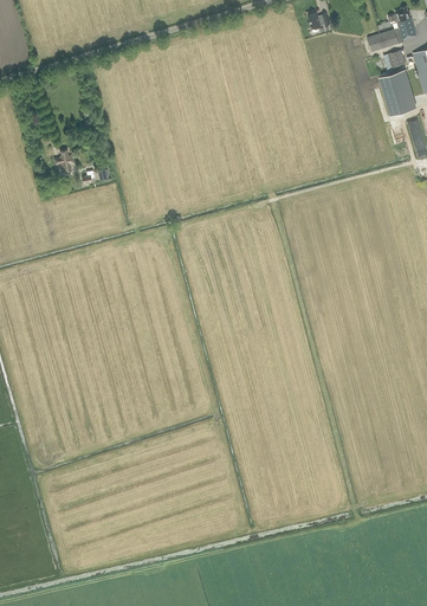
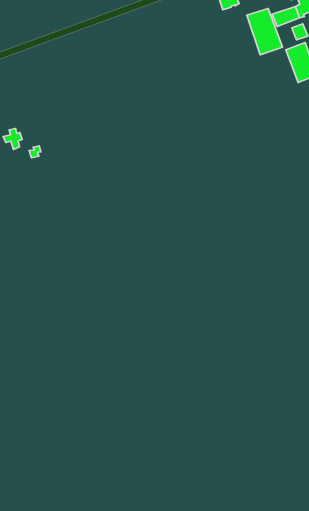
building: none -> [247,8,283,55]

